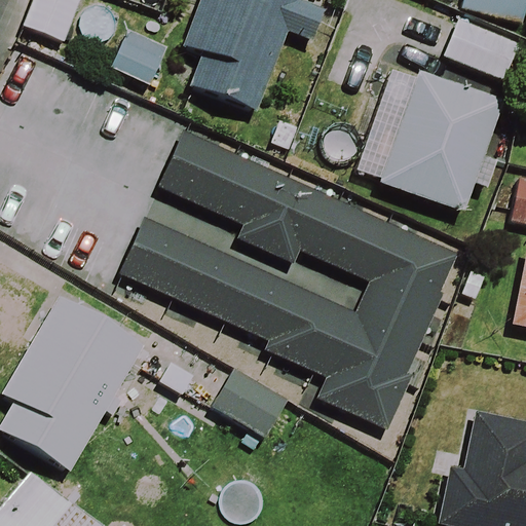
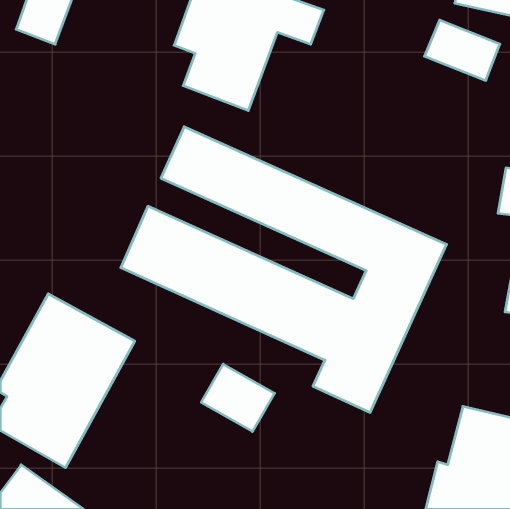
building: [368,66,499,217] -> none

